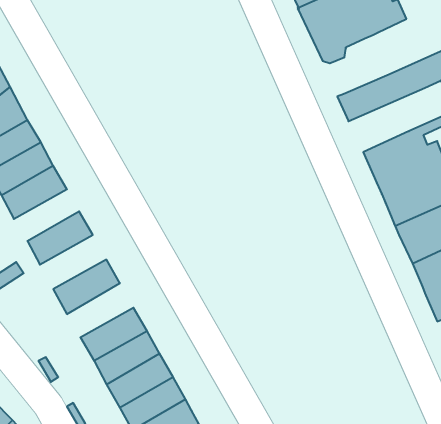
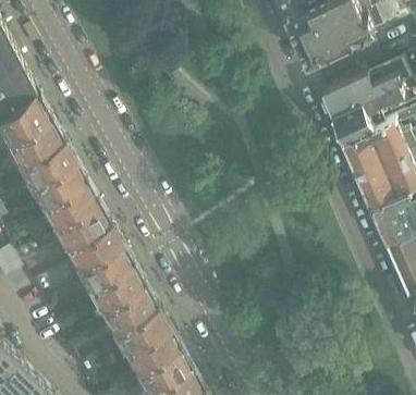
building: none -> [331,88,404,145]
building: none -> [36,177,94,223]
building: none -> [59,218,118,266]
building: none -> [83,260,142,308]

